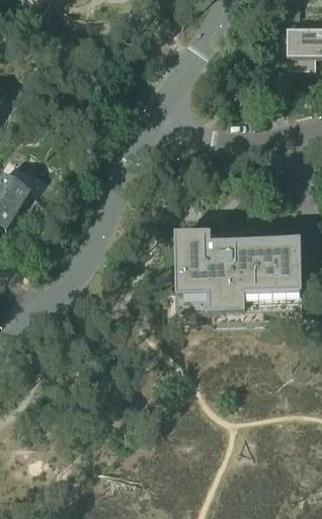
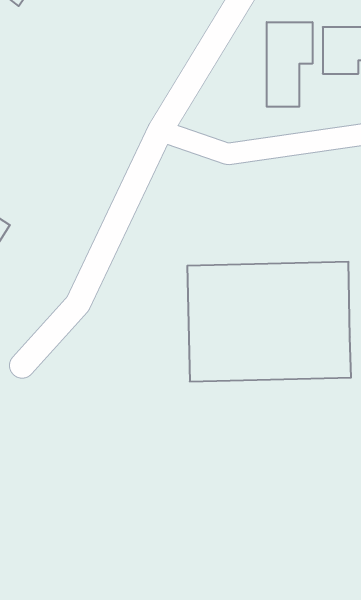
building: none -> [267,22,312,107]

